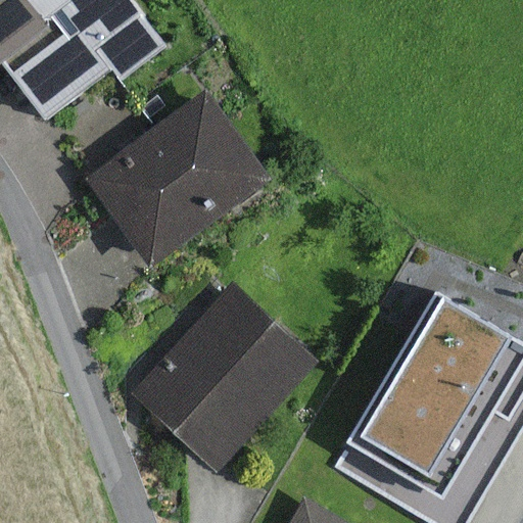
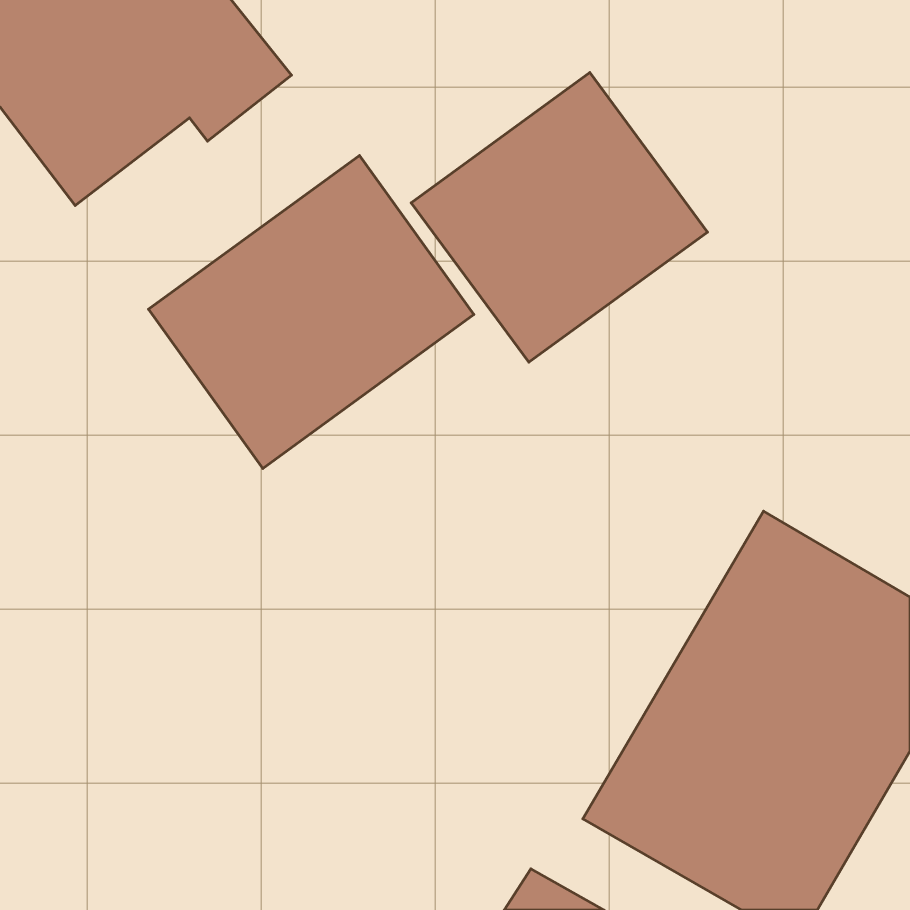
building: none -> [411,73,707,362]
building: [130,280,320,472] -> none

